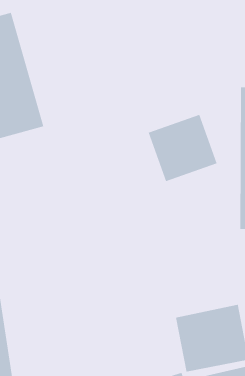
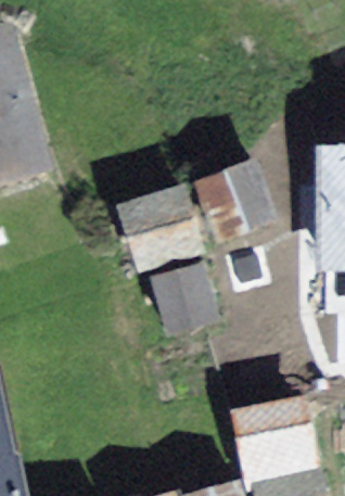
building: none -> [115,186,203,276]
building: none -> [148,265,218,340]

